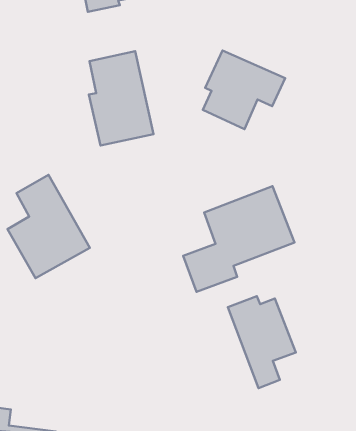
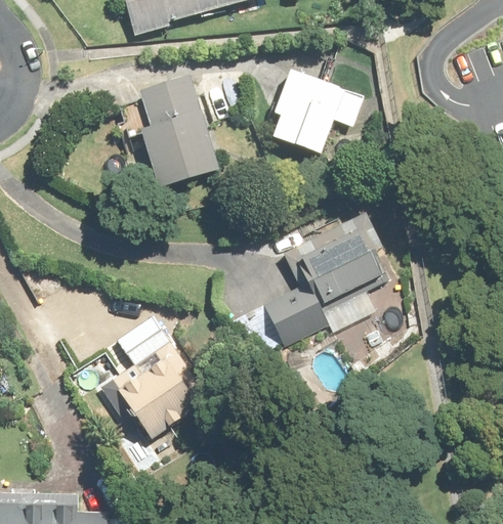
building: [8,175,90,278] -> [110,315,205,434]
building: [228,296,296,388] -> none

